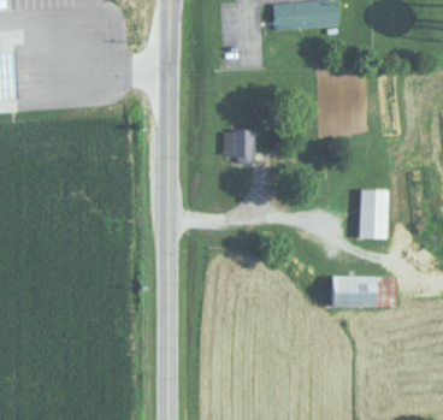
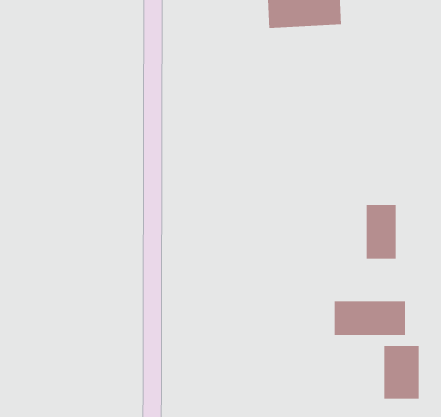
building: [223,130,253,162] -> none
building: none -> [384,345,419,399]

